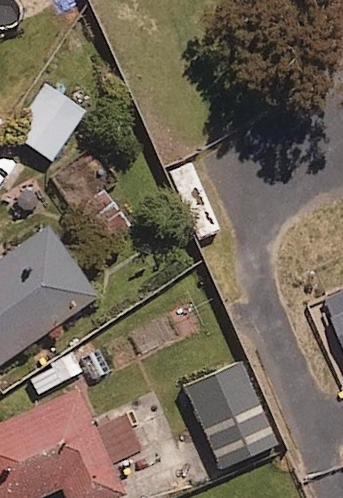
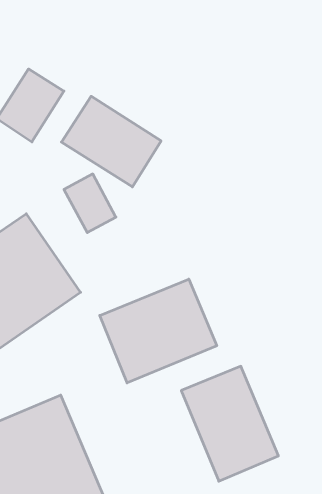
building: none -> [61,96,161,187]
building: none -> [100,279,217,383]

